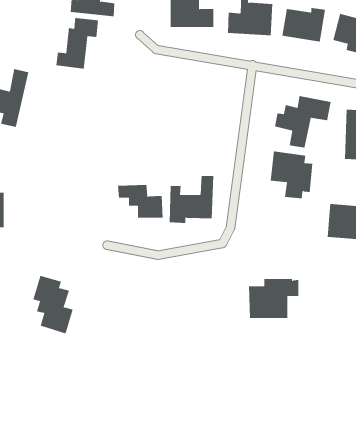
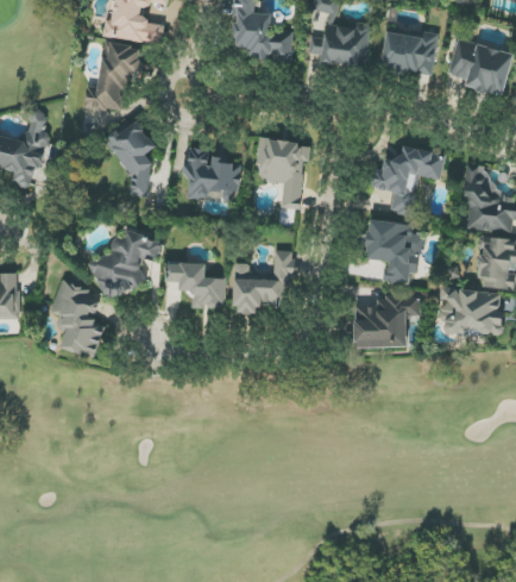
building: none -> [106,119,155,196]
building: none -> [256,138,309,208]
building: none -> [184,146,239,199]
building: none -> [88,229,162,295]
building: [33,275,74,334] -> [50,280,103,357]
building: [248,278,299,318] -> [353,294,420,346]

